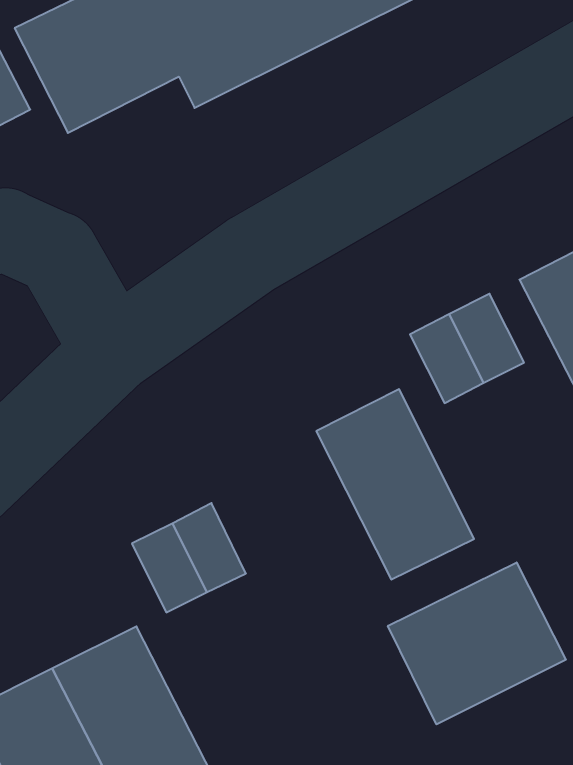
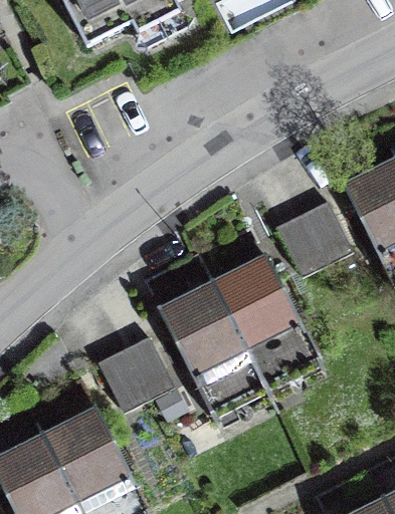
building: none -> [159,280,260,403]
building: [388,562,566,724] -> none

